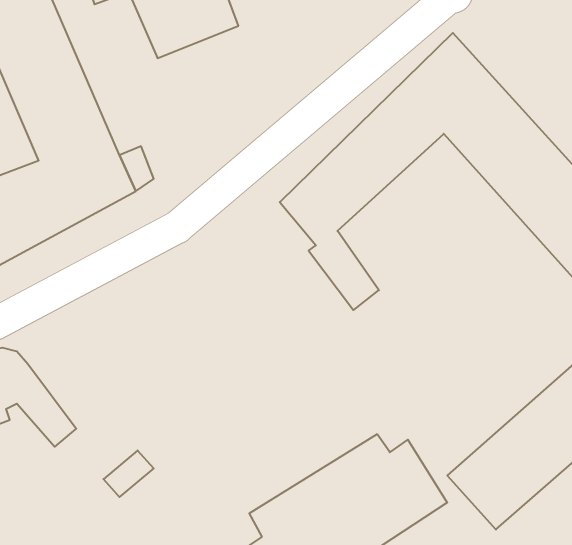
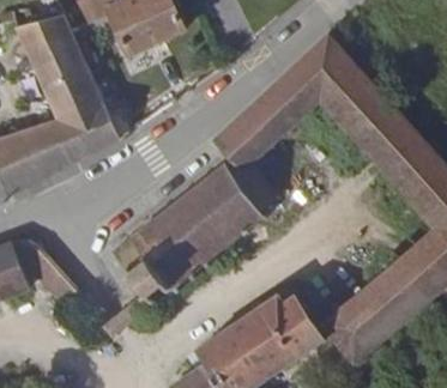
building: none -> [107,165,264,315]

